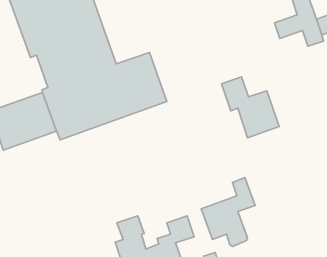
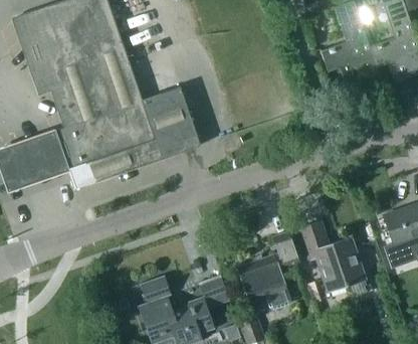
building: [221,77,279,138] -> [298,221,365,292]

